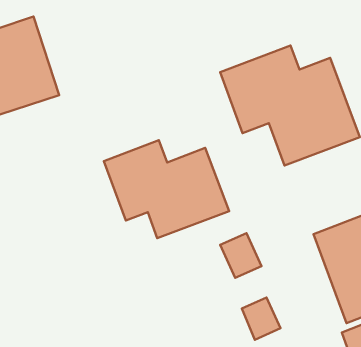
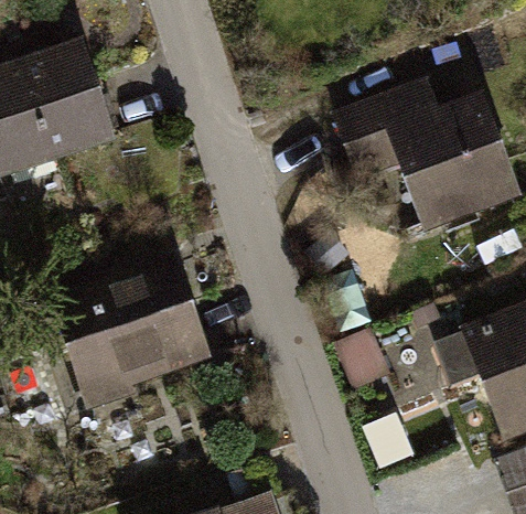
building: [104,140,229,238] -> none
building: none -> [55,253,214,407]

